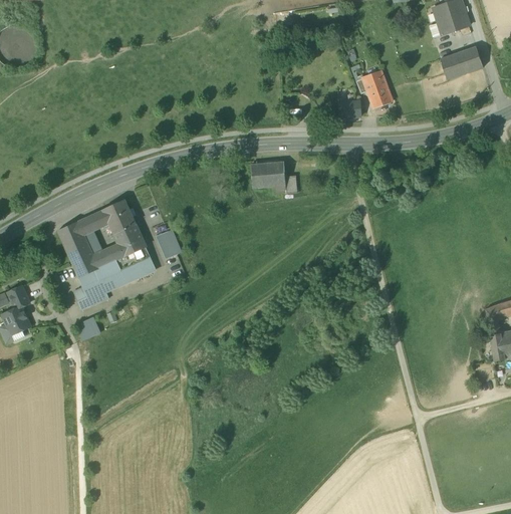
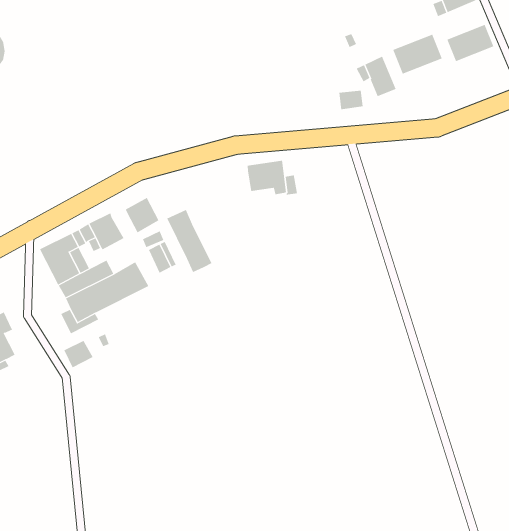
building: none -> [393,34,442,75]
building: none -> [167,209,212,273]
building: [114,224,146,256] -> [125,197,159,233]

